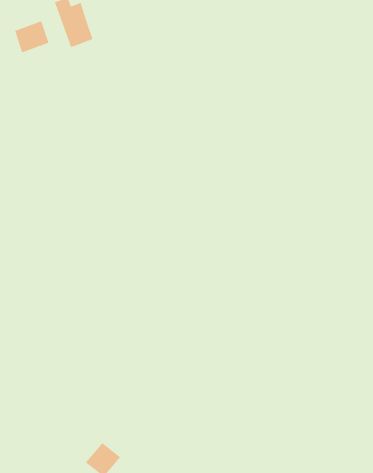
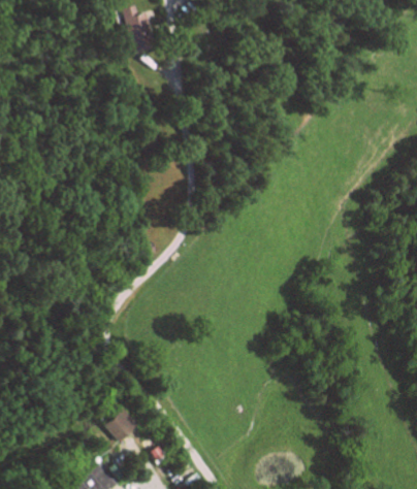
building: [14,20,49,53] -> none

